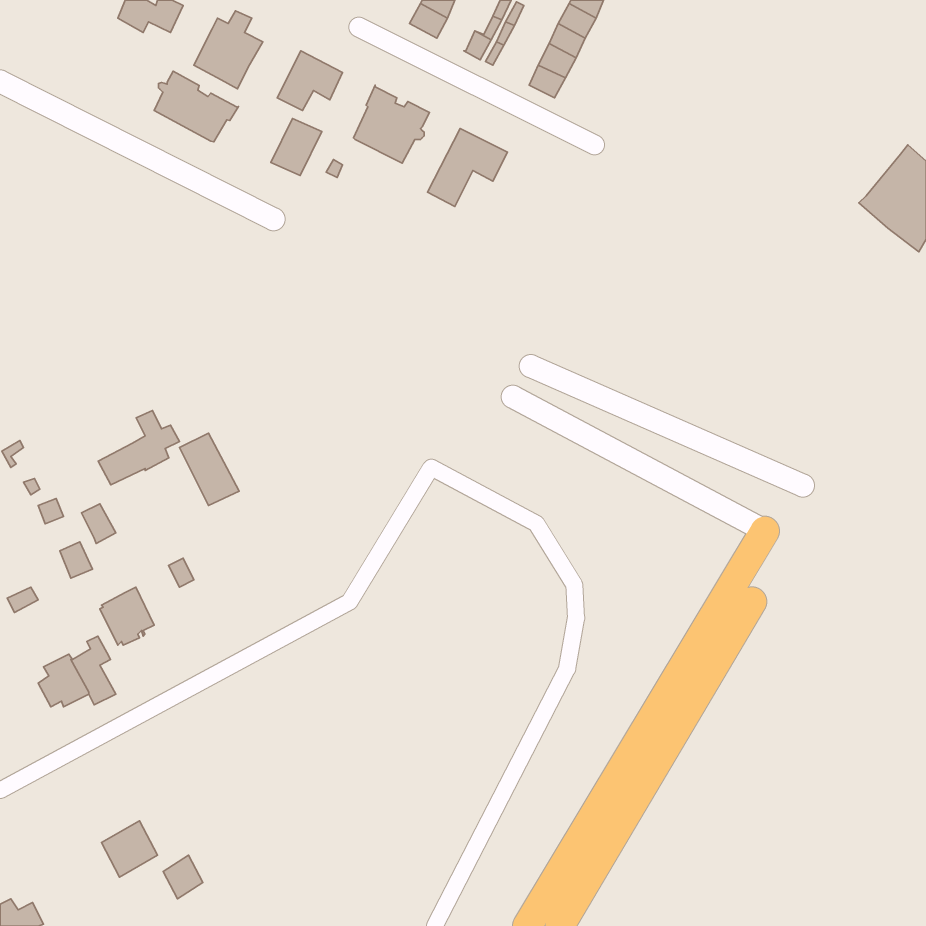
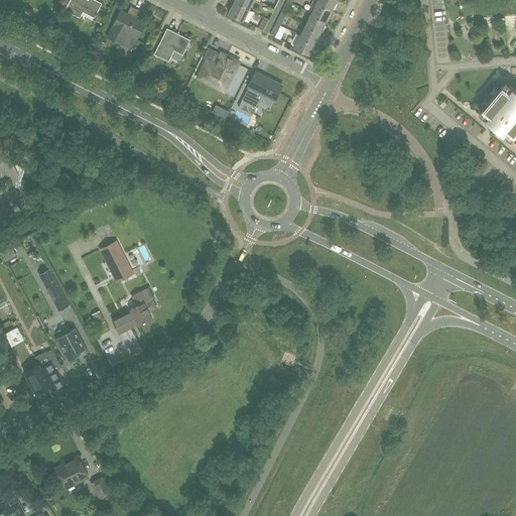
building: [154,71,238,142] -> none
building: [271,119,322,175] -> none
building: [98,411,180,485] -> [112,291,157,333]

